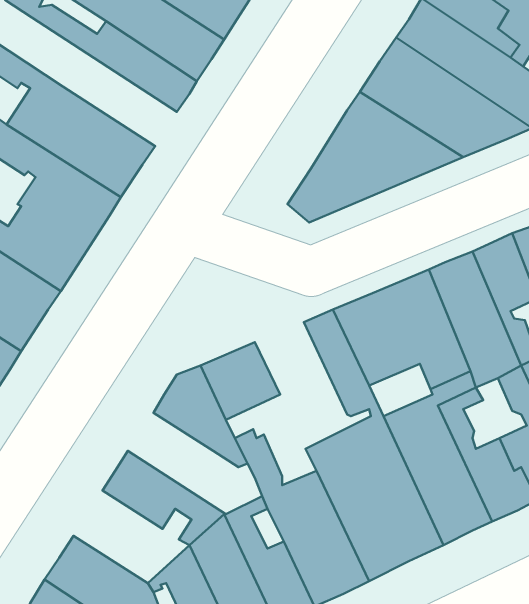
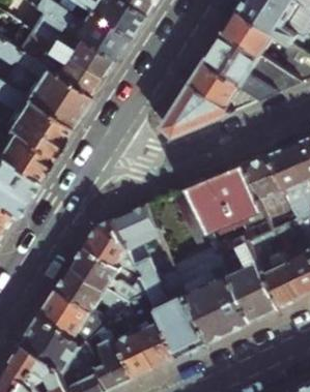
building: none -> [16,19,103,92]
building: none -> [75,244,151,302]
building: none -> [44,289,110,341]

